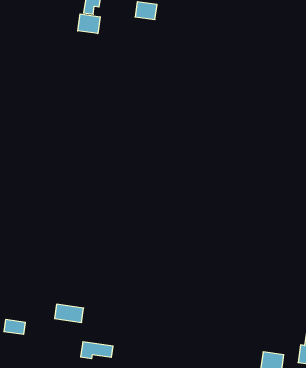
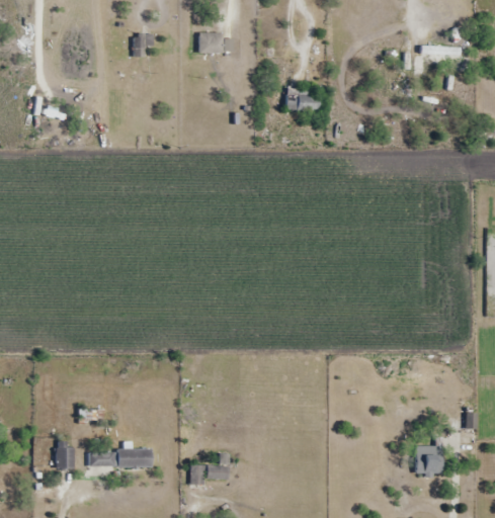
building: [78,14,100,34] -> none
building: none -> [286,87,320,110]
building: [55,304,84,322] -> [116,448,151,466]

